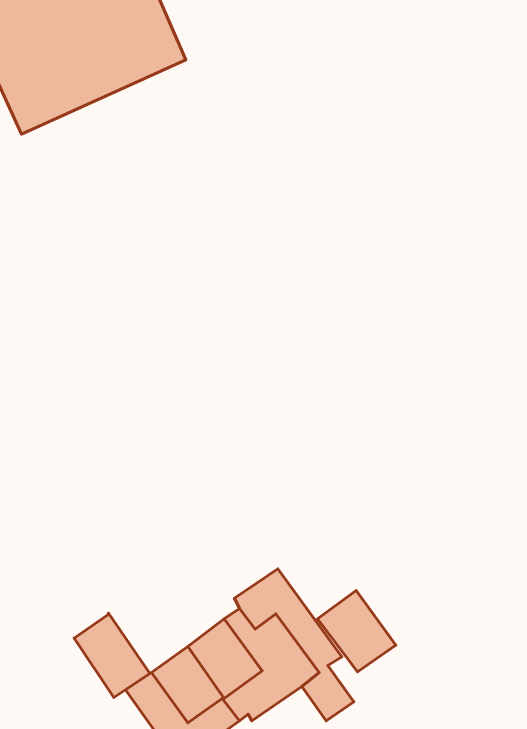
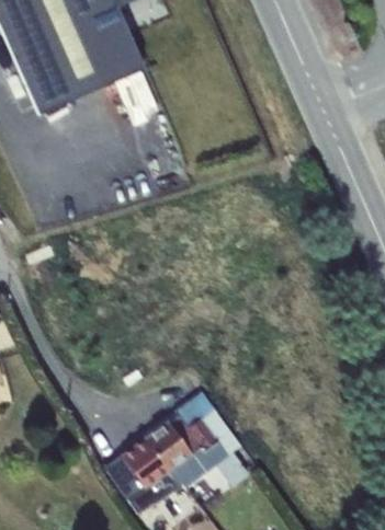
building: [317,591,396,672] -> none
building: [74,613,150,698] -> none

